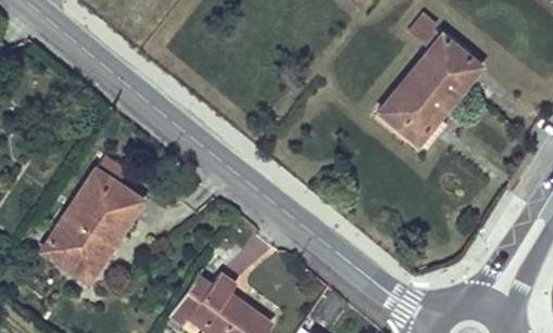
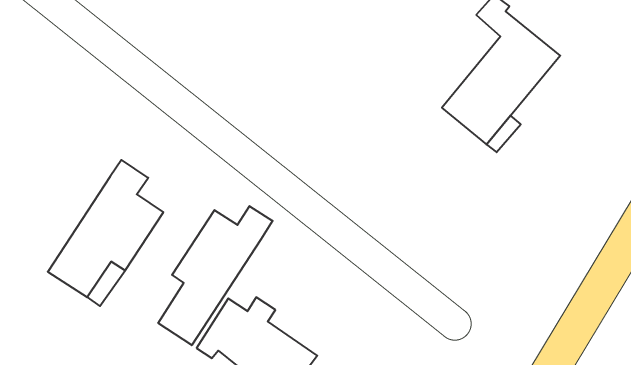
building: none -> [158,206,273,345]

